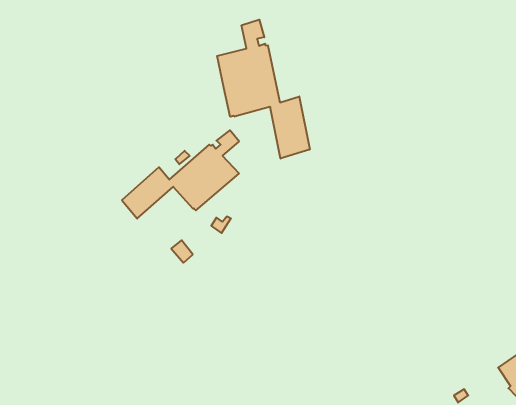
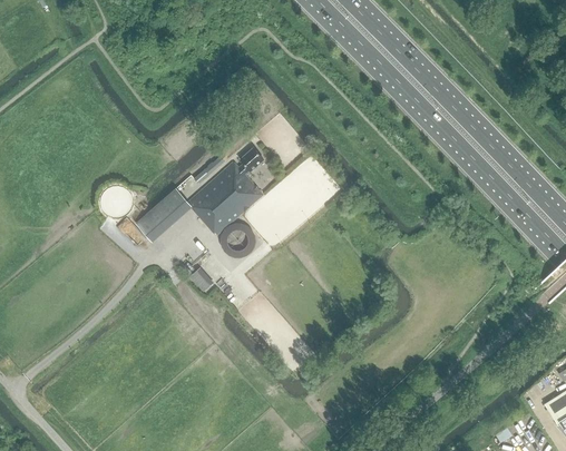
building: [217,20,310,159] -> none

